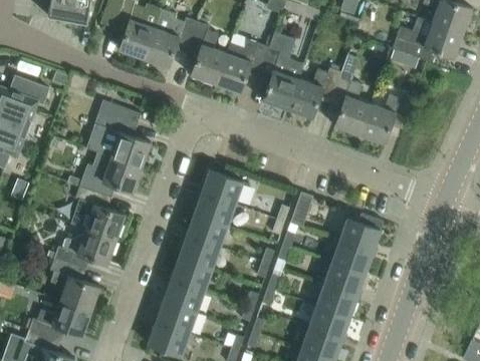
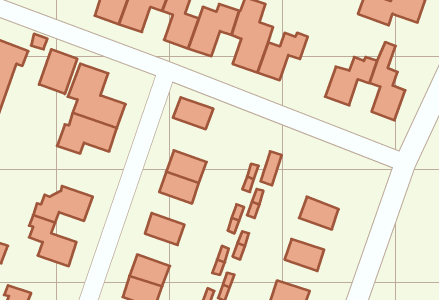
building: [332,54,370,135] -> [370,42,405,120]
building: none -> [39,49,77,94]
building: [201,170,243,204] -> [173,97,213,129]
building: [71,187,126,240] -> none
building: [339,214,383,253] -> none
building: [178,235,220,269] -> none
building: [323,262,366,295] -> none
building: [163,278,205,312] -> none
building: [28,301,91,340] -> none
building: [308,305,350,338] -> none

